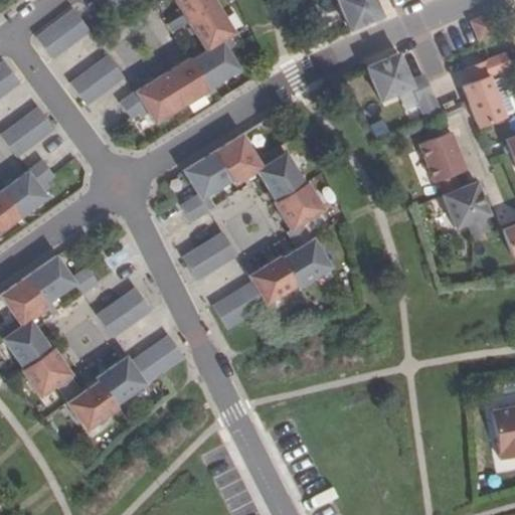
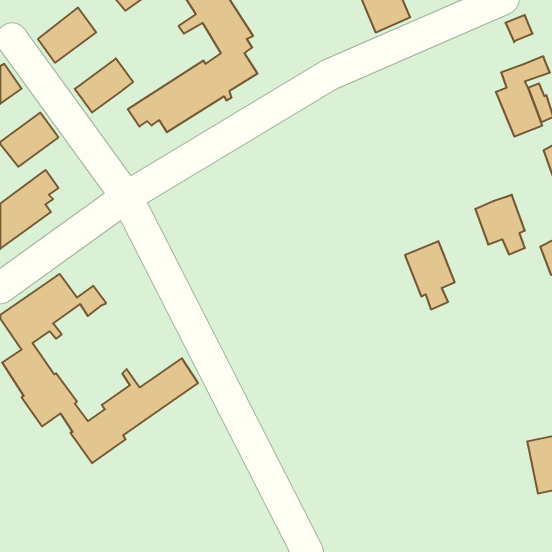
building: [366,52,441,119] -> none
building: [419,131,466,194] -> [405,241,455,309]
building: [181,133,332,328] -> none
building: [183,230,237,280] -> none
building: [97,287,153,337] -> none

